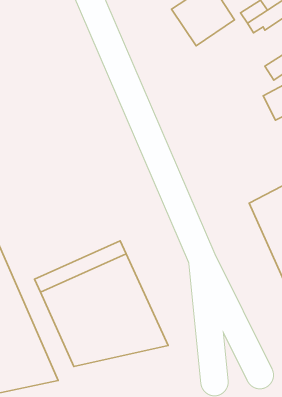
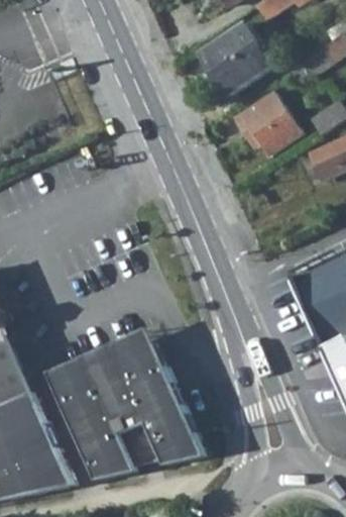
building: none -> [233,93,301,157]

